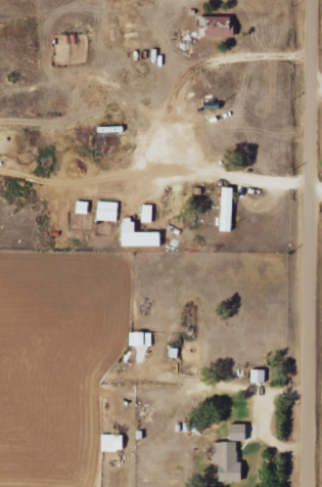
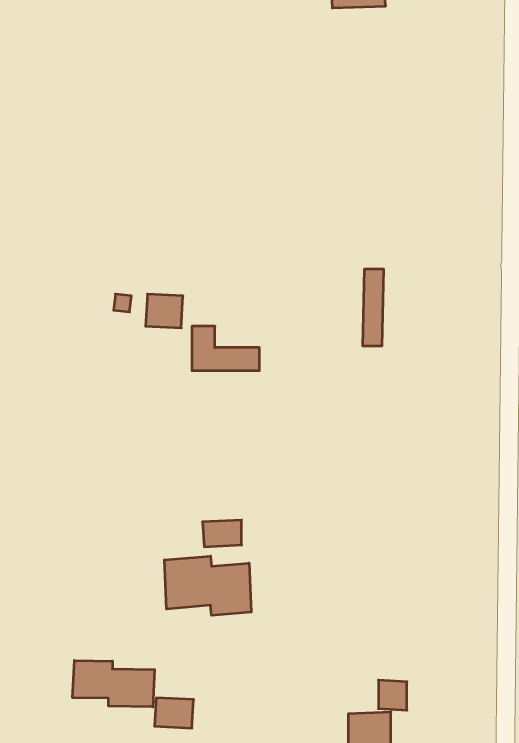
building: none -> [164,556,251,615]
building: none -> [73,660,155,707]

